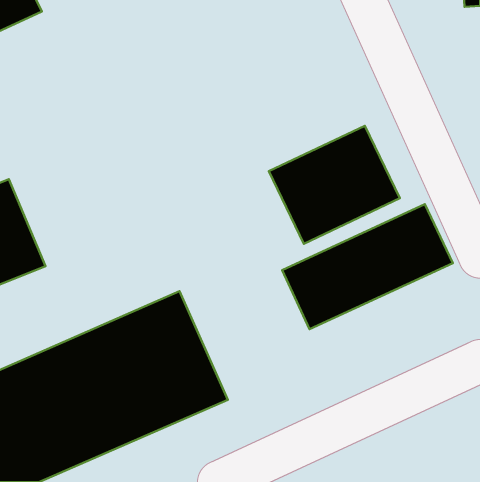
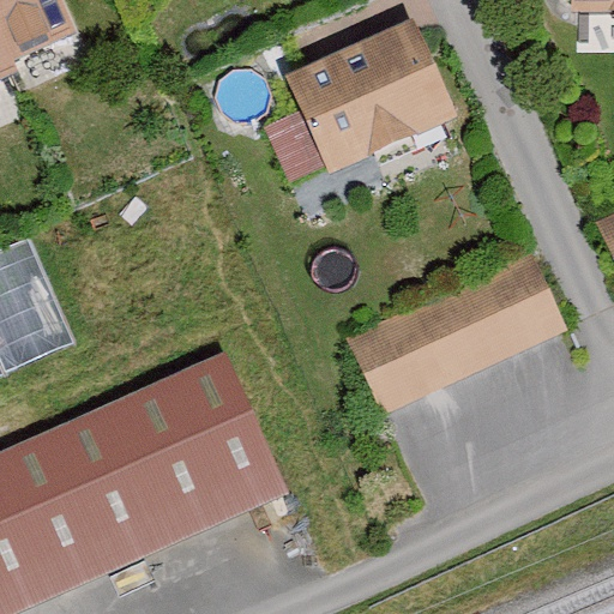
building: [269,126,400,244] -> [294,22,456,168]

